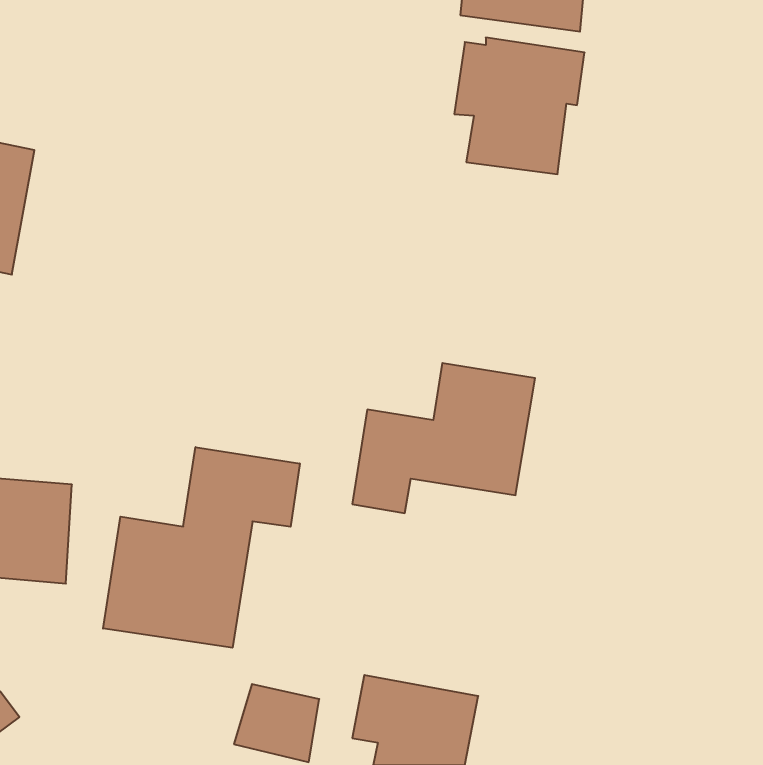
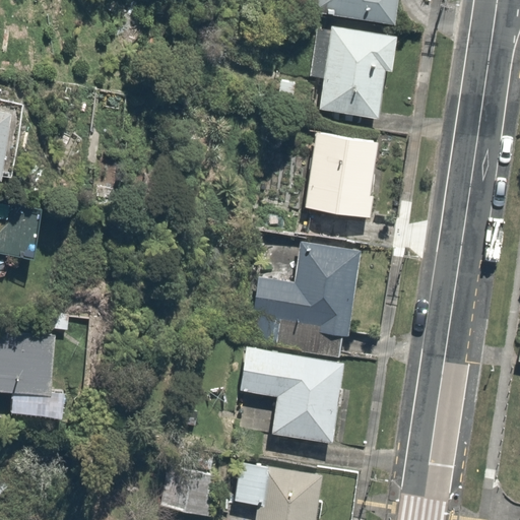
building: none -> [301,131,378,218]
building: [103,447,300,648] -> none
building: none -> [229,347,343,443]

